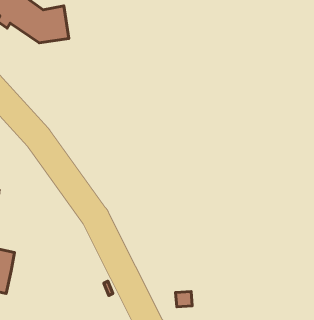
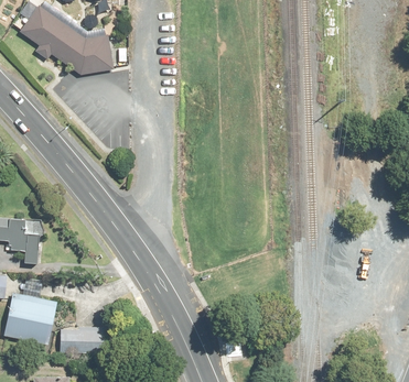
building: none -> [61,328,106,348]

